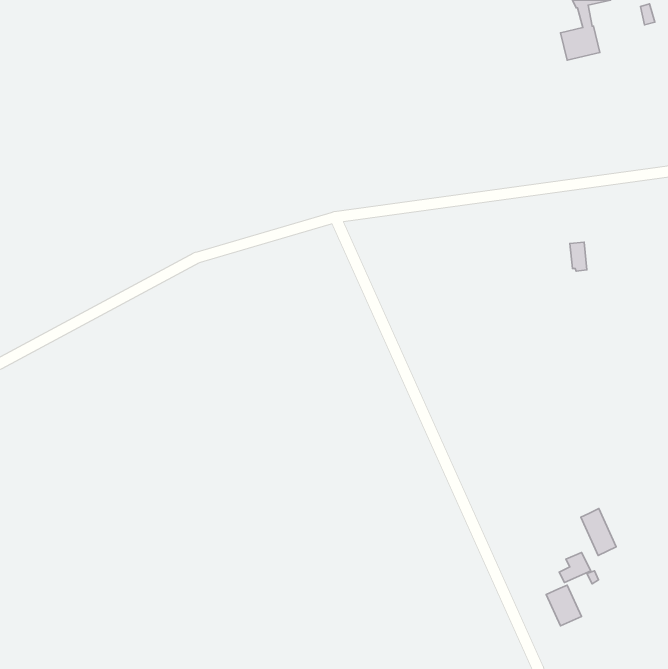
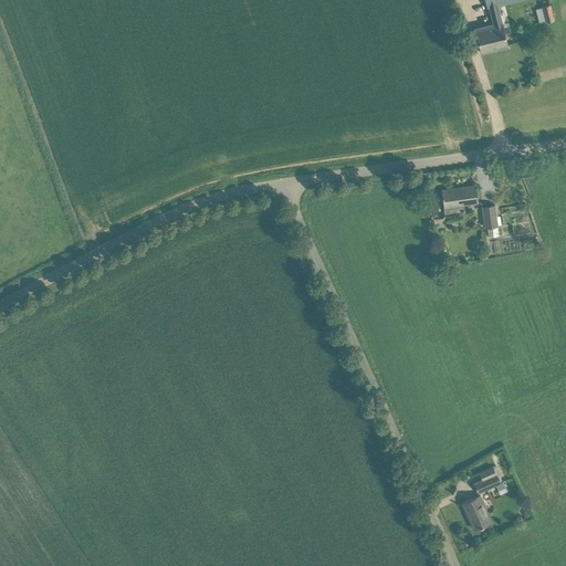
building: none -> [441,185,475,214]
building: [581,509,616,555] -> none

